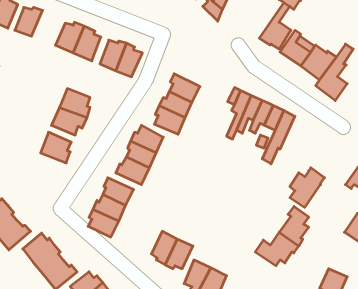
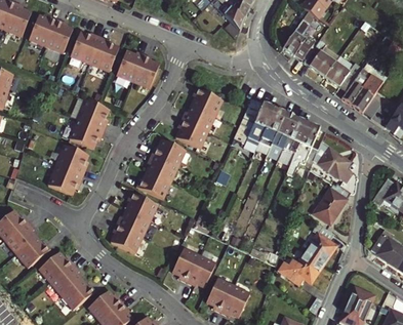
building: none -> [47,19,75,53]
building: none -> [315,141,353,182]
building: none -> [49,167,83,197]

